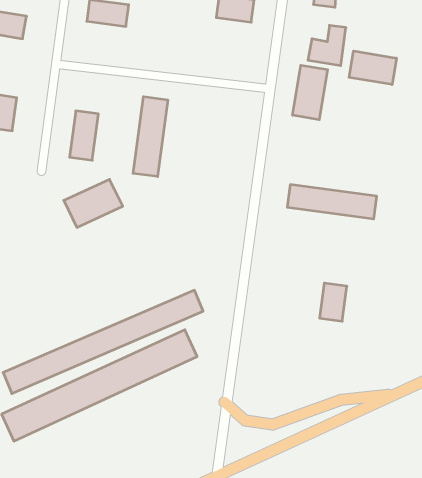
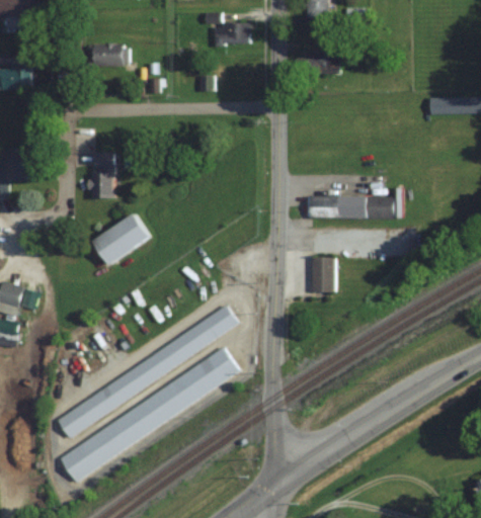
building: [349,51,396,85] -> none
building: [293,65,328,120] -> none
building: [133,97,168,177] -> none
building: [320,283,347,321] -> [312,258,334,292]

